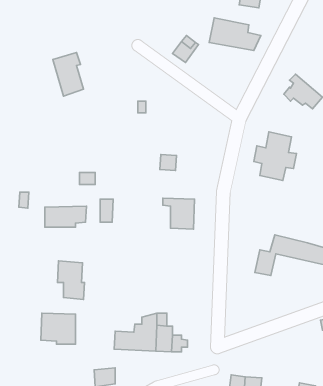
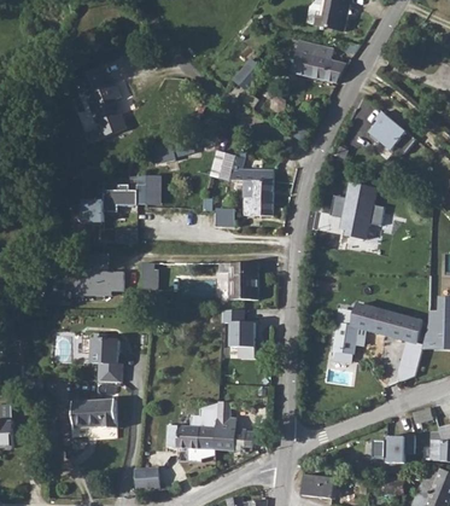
building: none -> [205,149,273,216]
building: none -> [75,185,151,222]
building: none -> [223,310,257,349]
building: none -> [376,436,407,463]

